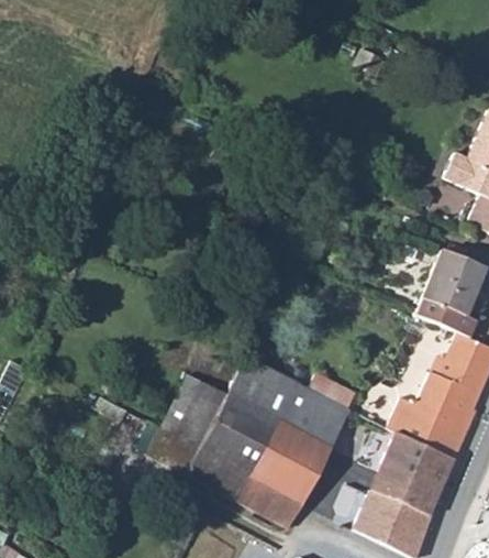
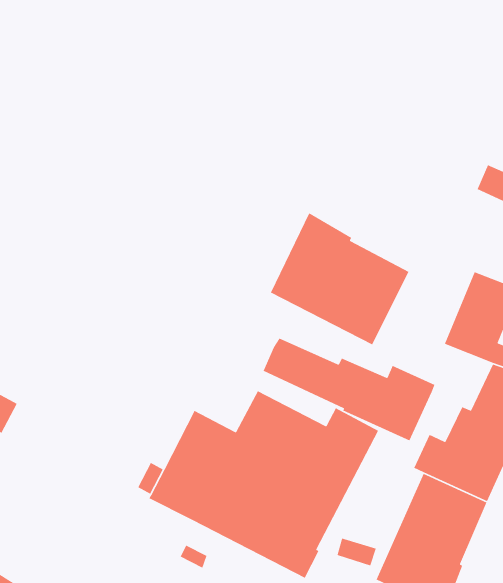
building: none -> [270,212,410,345]
building: none -> [262,338,436,442]

